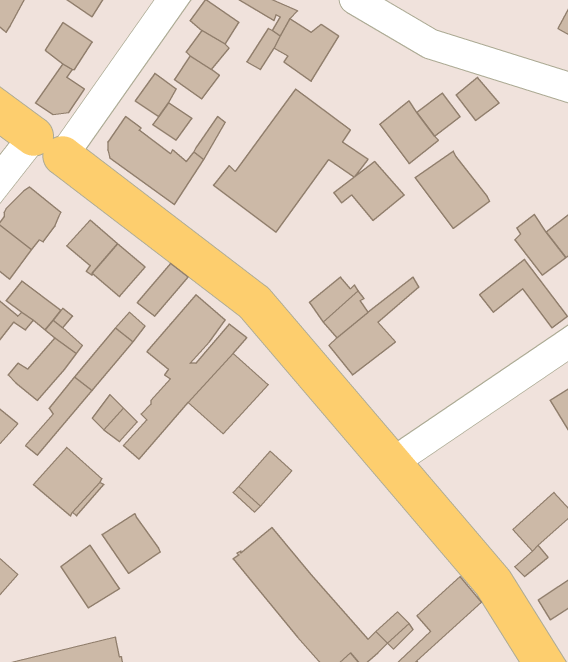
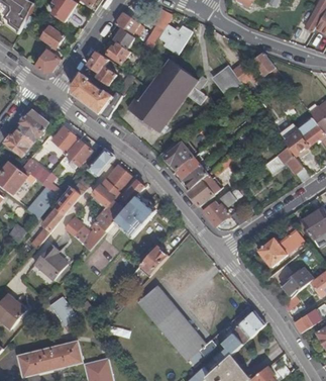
building: [415,151,489,228] -> none
building: [334,162,404,220] -> [156,138,193,169]
building: none -> [203,190,244,229]
building: none -> [259,224,304,266]
building: [102,514,160,573] -> none

